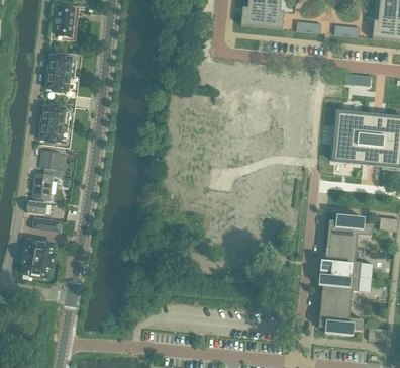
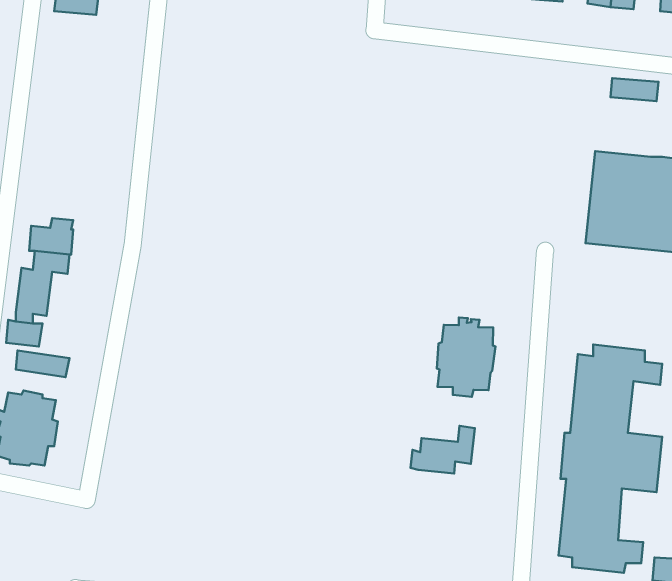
building: [39,55,76,143] -> none
building: none -> [437,317,496,397]
building: none -> [411,426,475,474]

